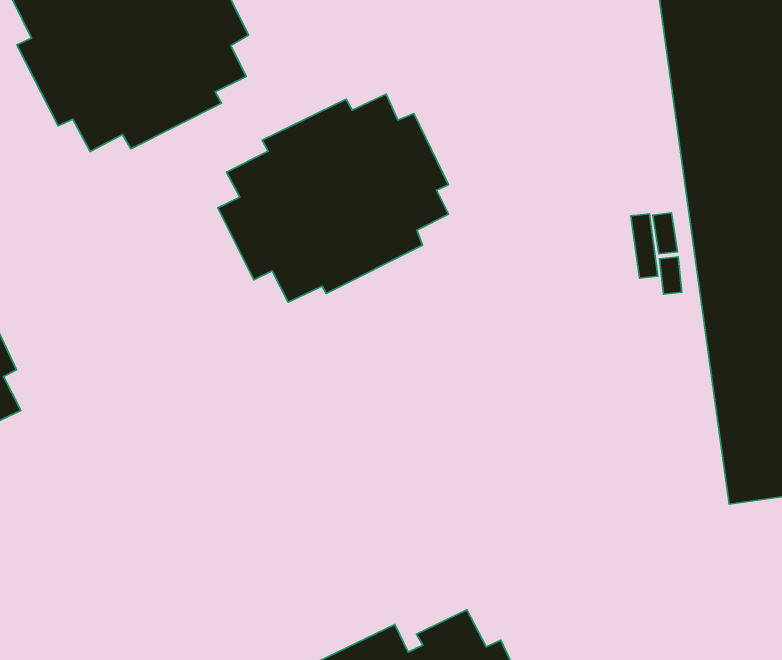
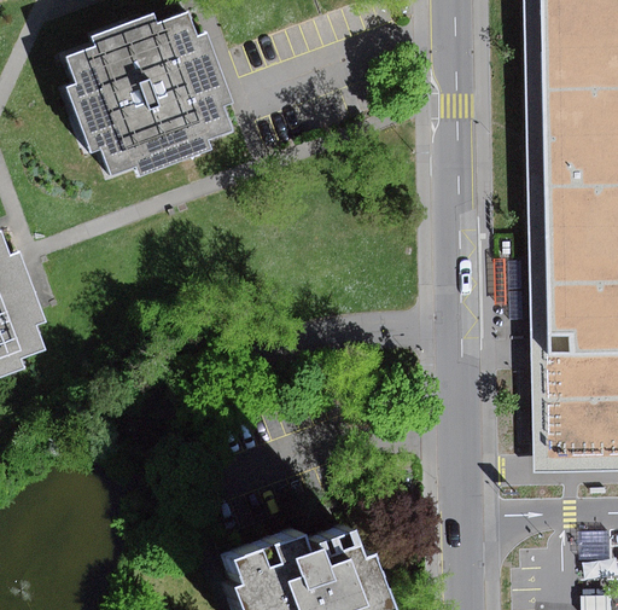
building: [218,94,449,302] -> none

